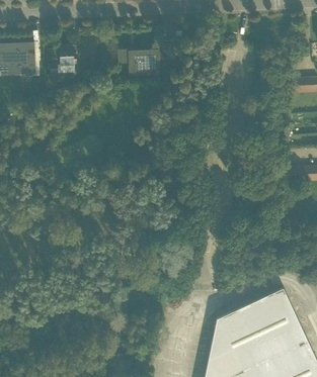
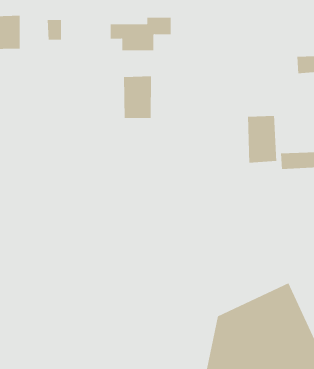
building: none -> [124,76,152,119]
building: none -> [248,115,277,163]

